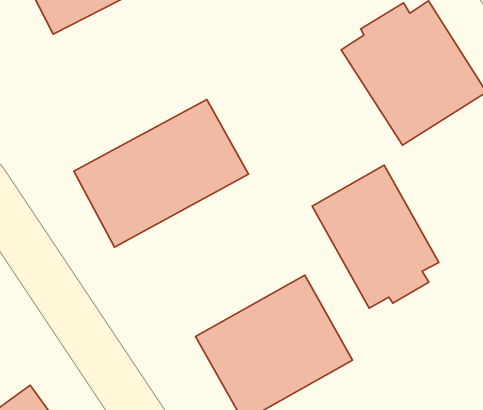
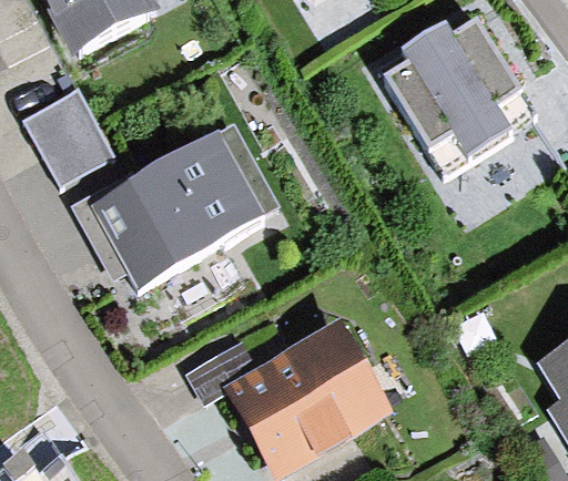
building: none -> [22,84,112,178]
building: [312,165,439,308] -> none

